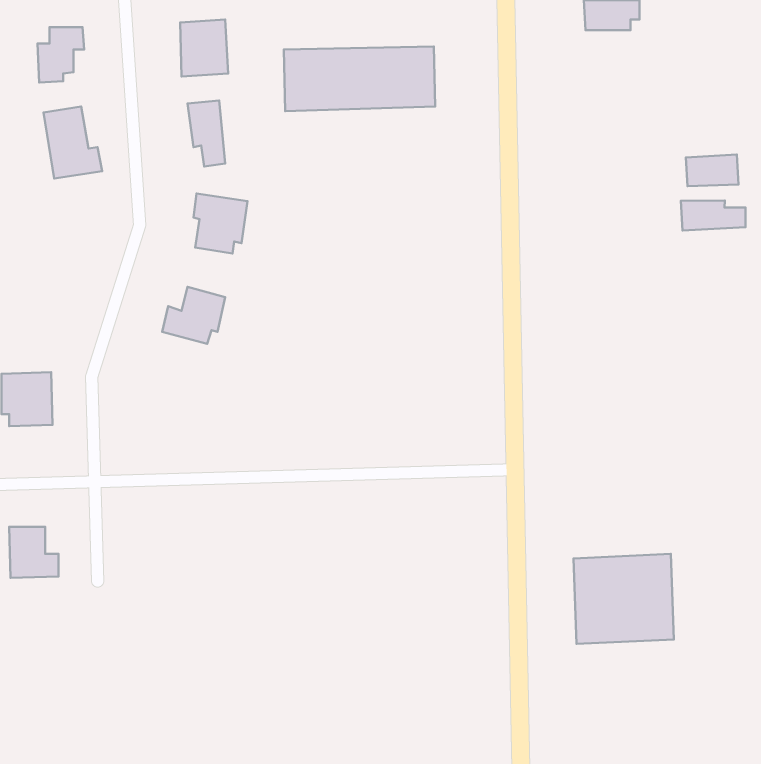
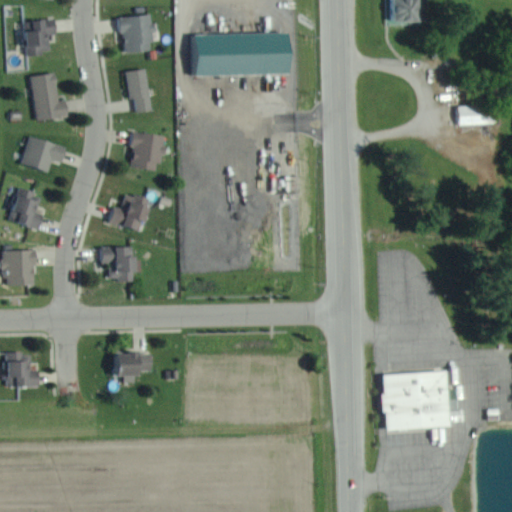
building: [681,201,746,230] -> none
building: none -> [20,136,67,172]
building: none -> [8,188,43,230]
building: none -> [100,246,140,281]
building: none -> [112,353,151,384]

